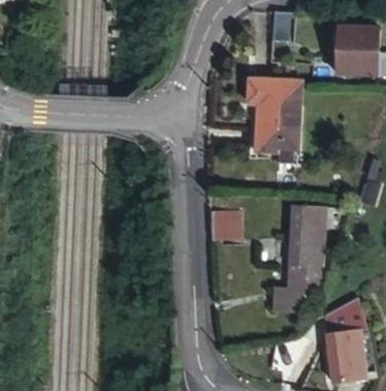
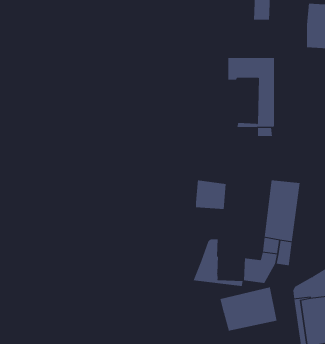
building: [258,101,281,149] -> none
building: none -> [193,238,243,287]
building: none -> [220,287,277,332]

